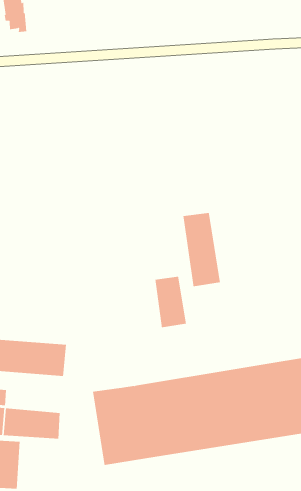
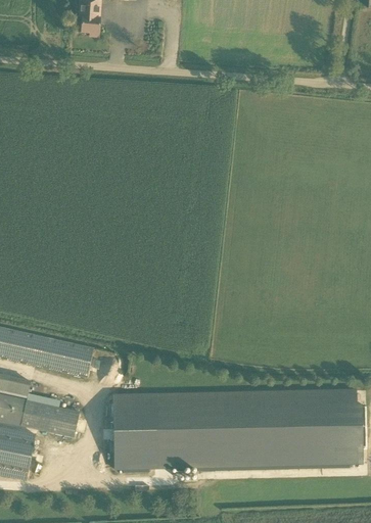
building: [183,212,221,287] -> none
building: [155,276,186,328] -> none

